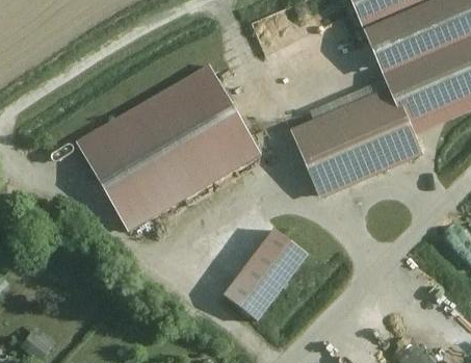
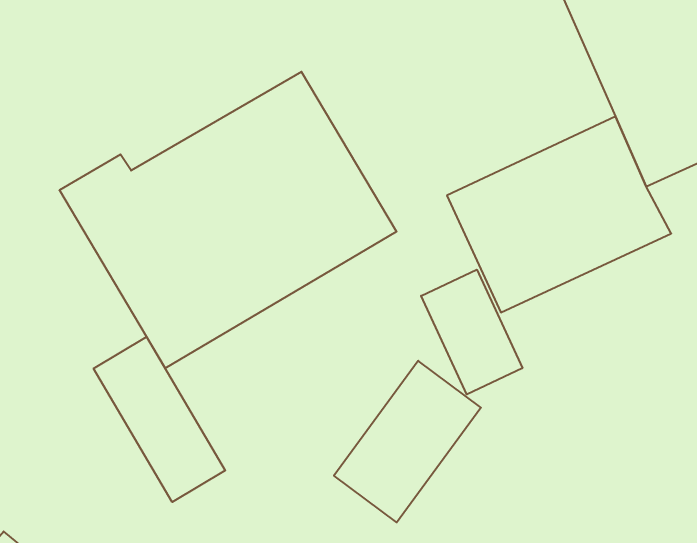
building: none -> [421,270,522,394]
building: none -> [94,337,225,502]

